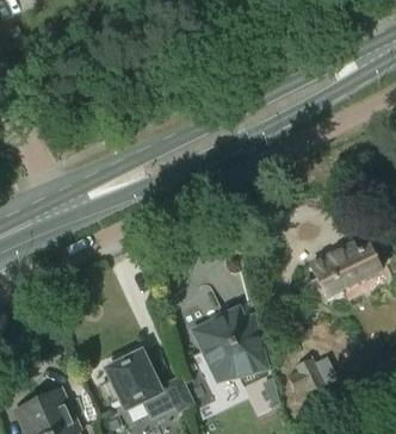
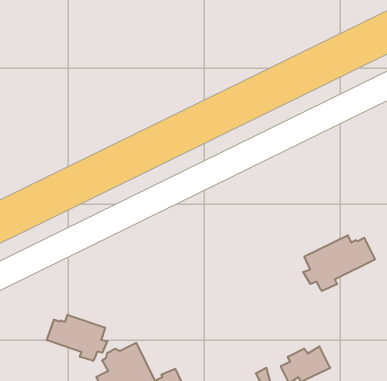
building: [197,314,264,372] -> none
building: none -> [47,315,107,361]

